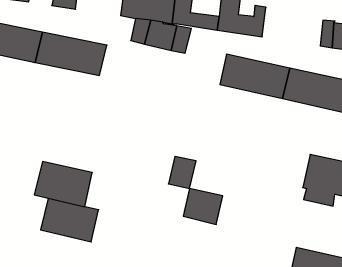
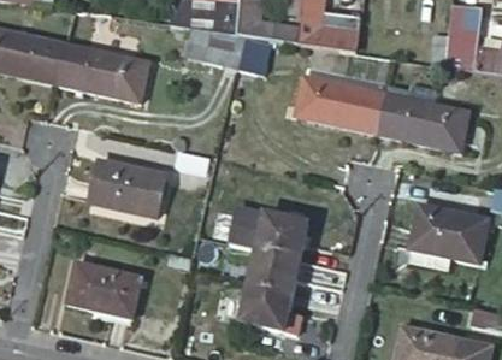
building: none -> [260,212,313,258]
building: [34,162,92,207] -> [89,155,165,214]
building: none -> [242,284,295,331]

